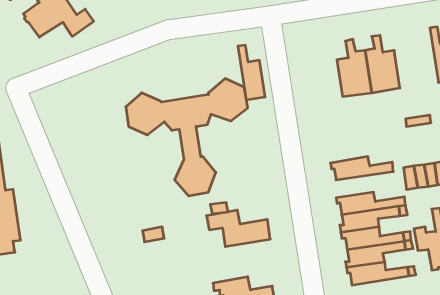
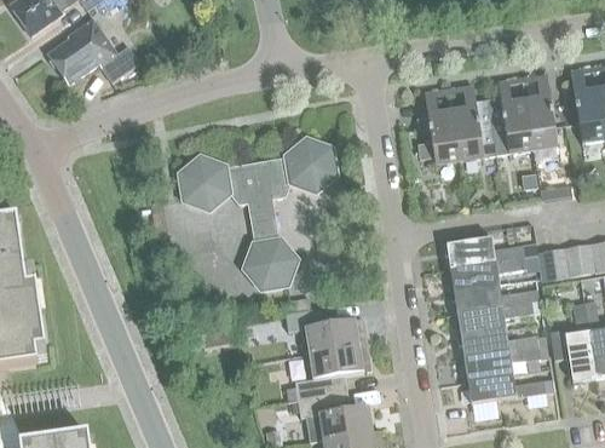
building: none -> [525,75,558,149]
building: [238,45,265,100] -> [424,93,459,163]
building: none -> [449,257,526,291]
building: none -> [286,344,370,401]

